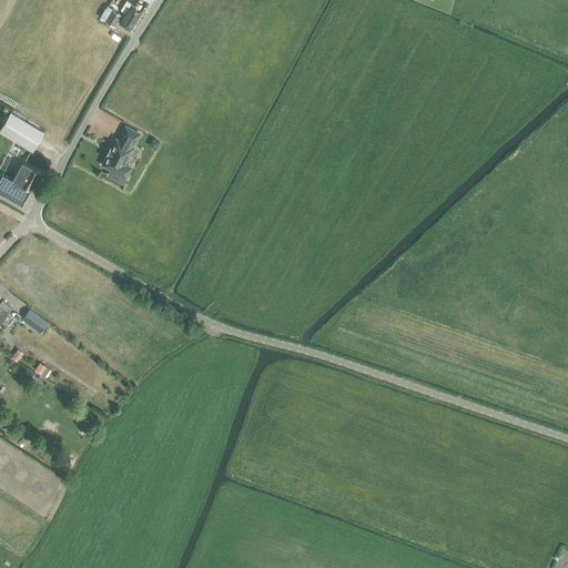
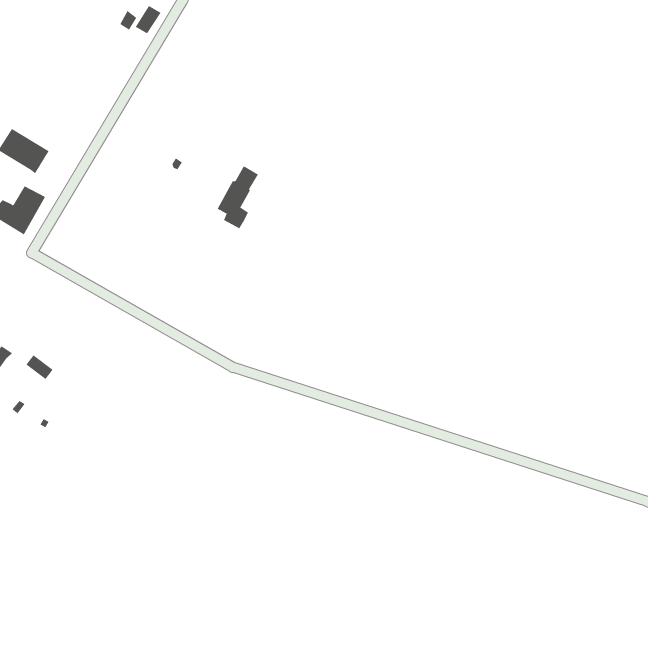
building: [102,128,139,183] -> [217,166,259,229]

